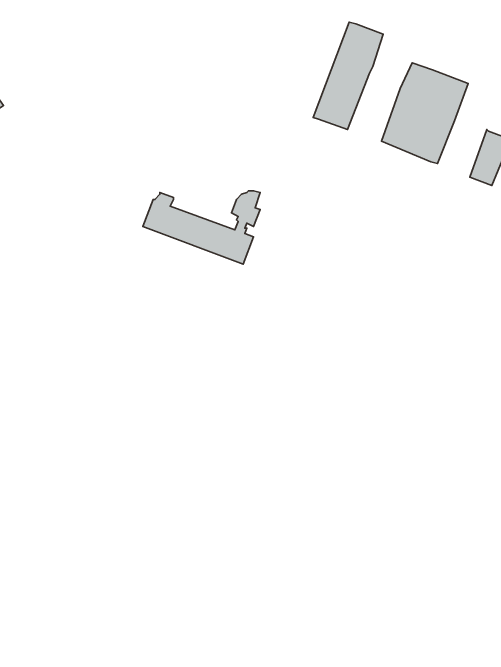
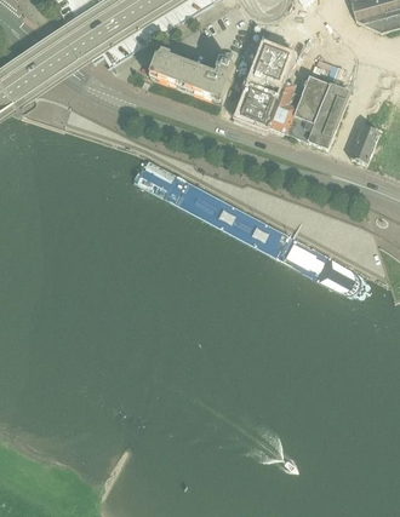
building: none -> [264,79,301,131]
building: [143,191,260,264] -> [149,48,233,100]

